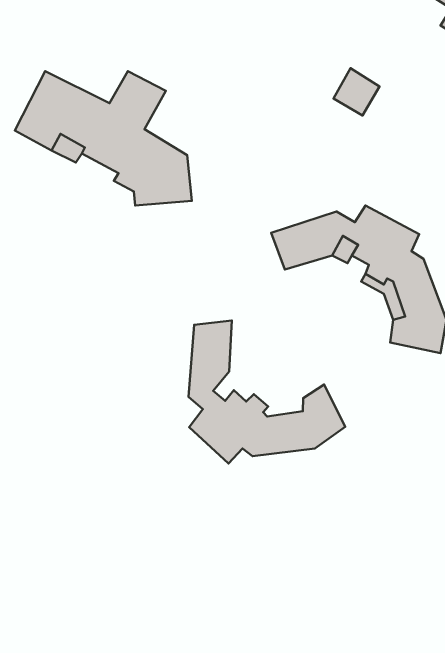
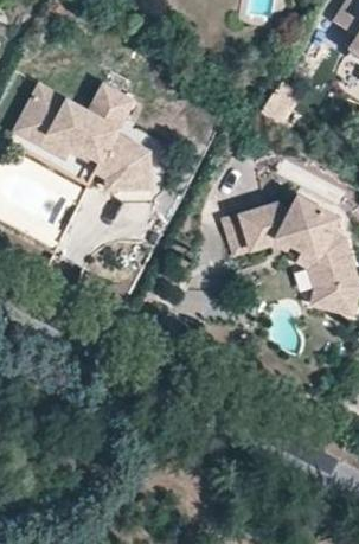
building: [189,320,345,464] -> none

